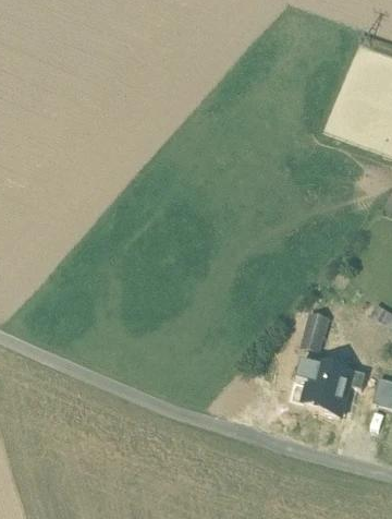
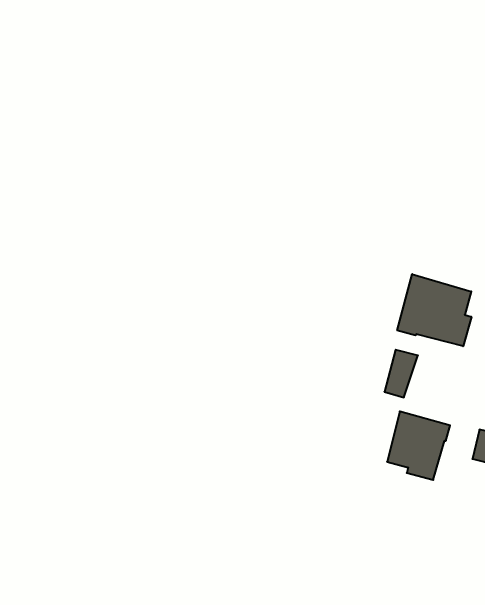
building: none -> [397,274,471,346]

